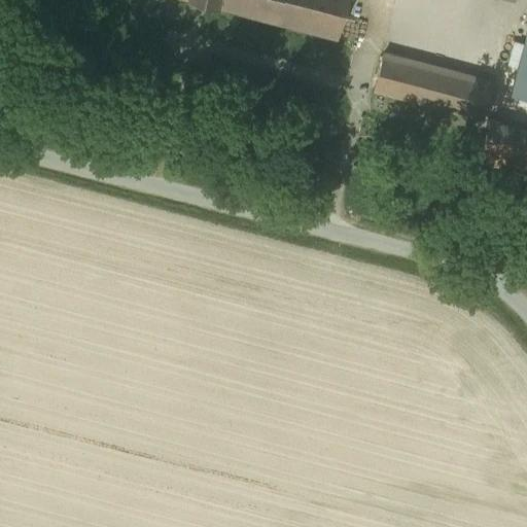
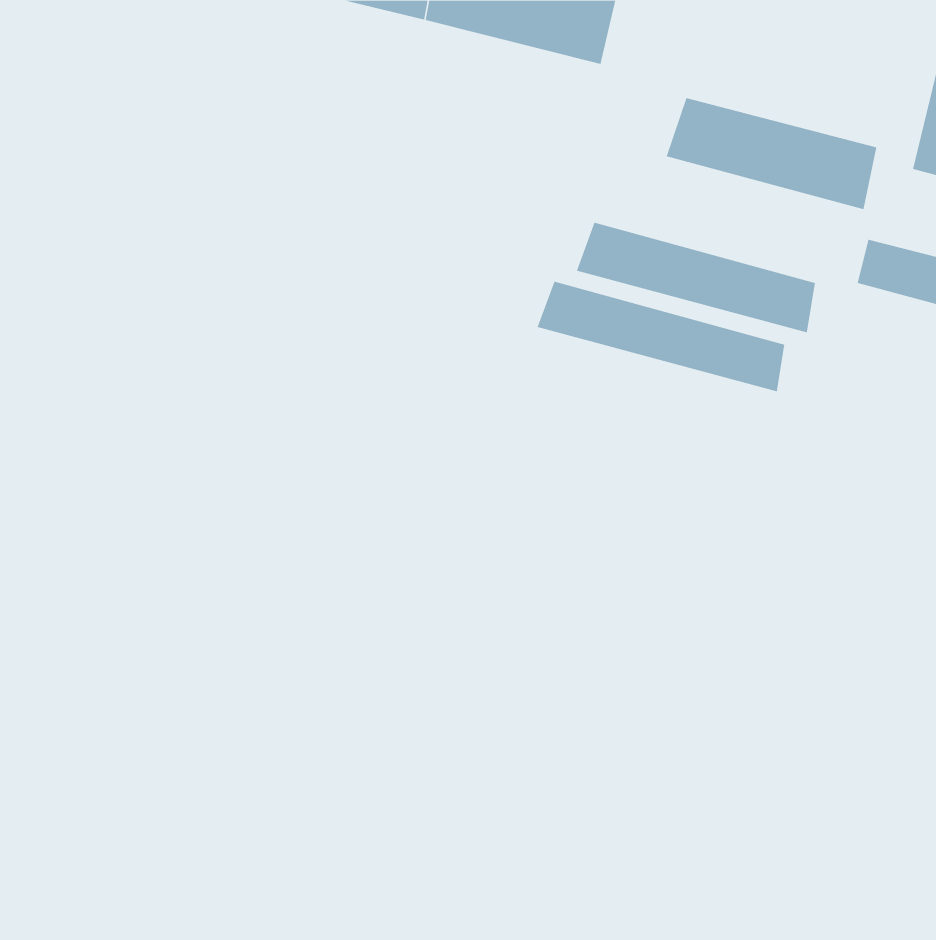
building: none -> [576,222,815,333]
building: none -> [537,281,785,392]

